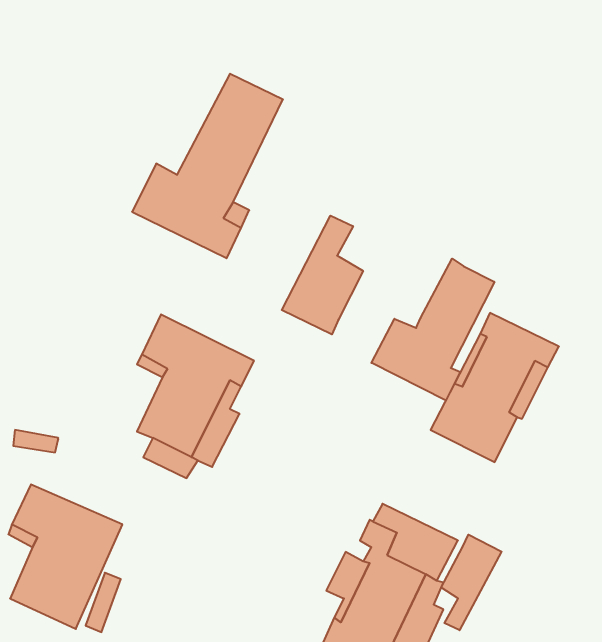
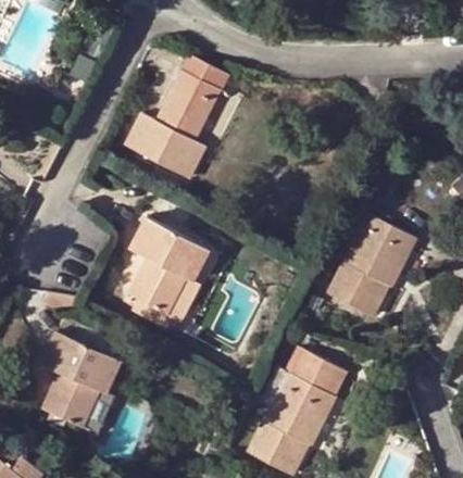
building: [282,216,363,334] -> none
building: [371,259,494,401] -> none
building: [441,535,502,630] -> none

